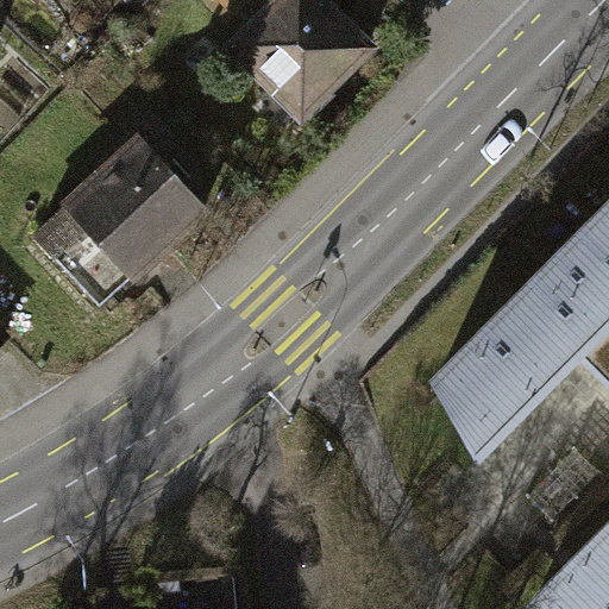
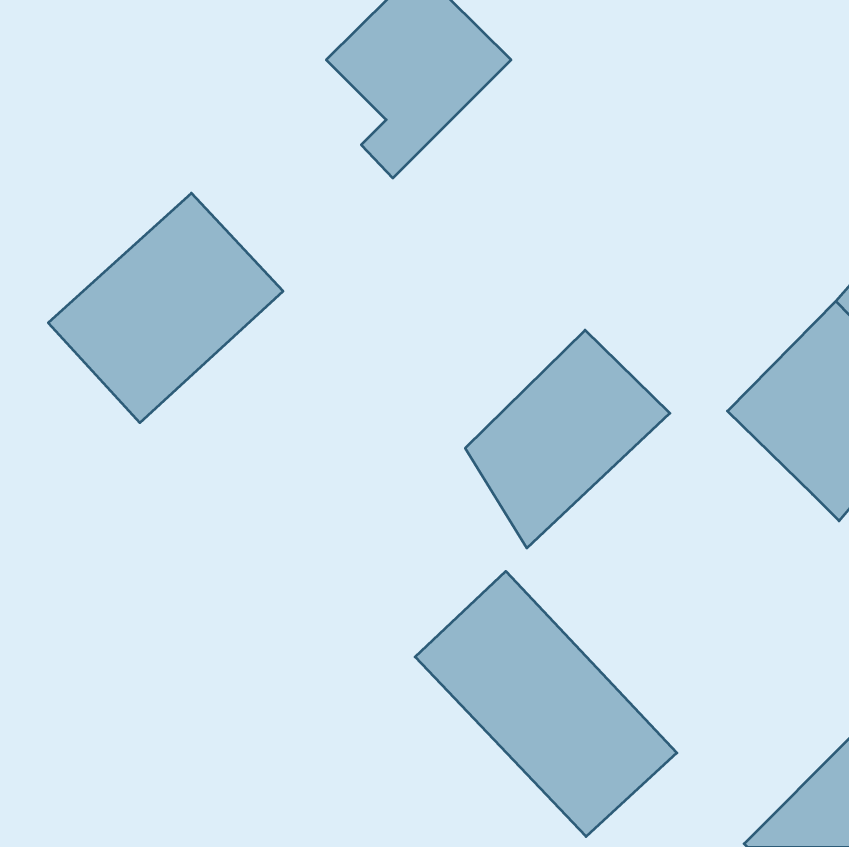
building: [435,294,582,450] -> [465,330,670,548]
building: none -> [415,571,677,837]

